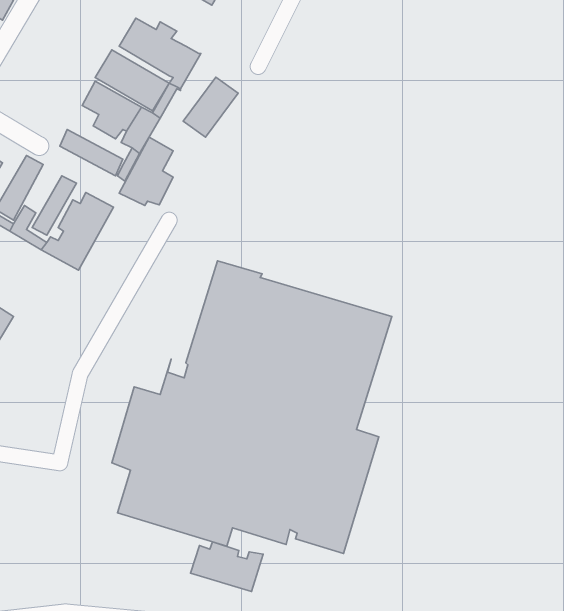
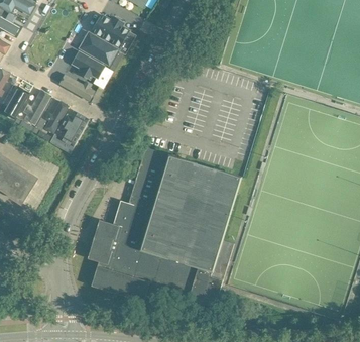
building: [183,77,238,137] -> none
building: [119,137,173,205] -> none
building: [191,542,263,592] -> none

